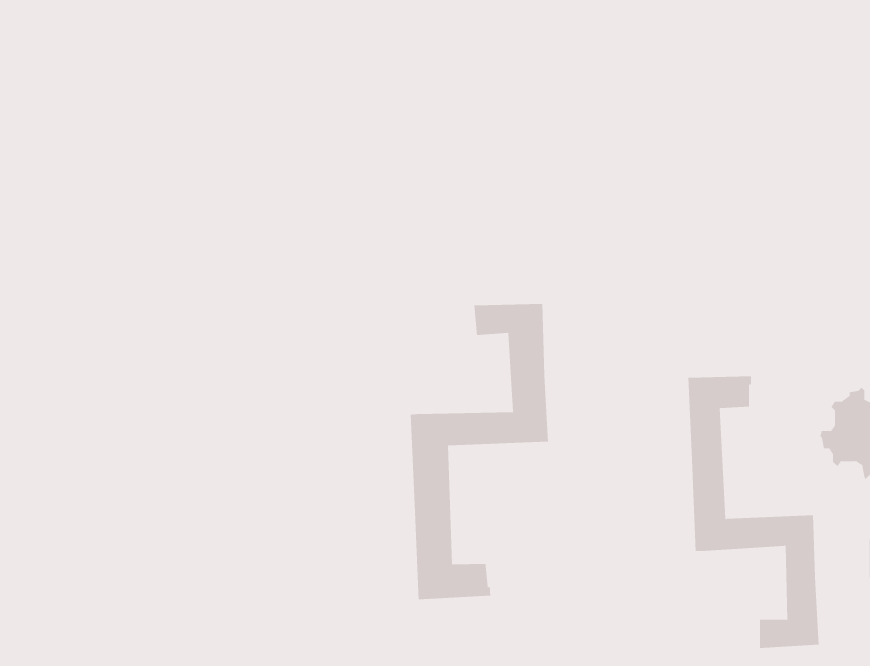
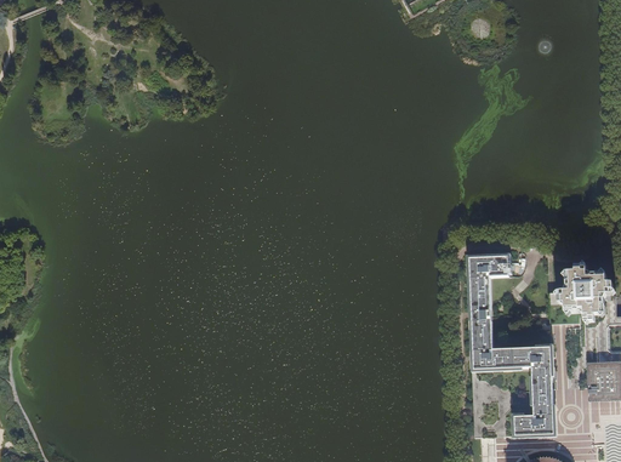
building: [410,303,549,600] -> none

